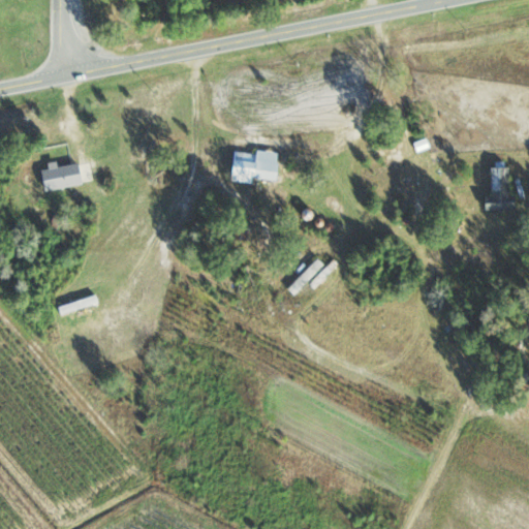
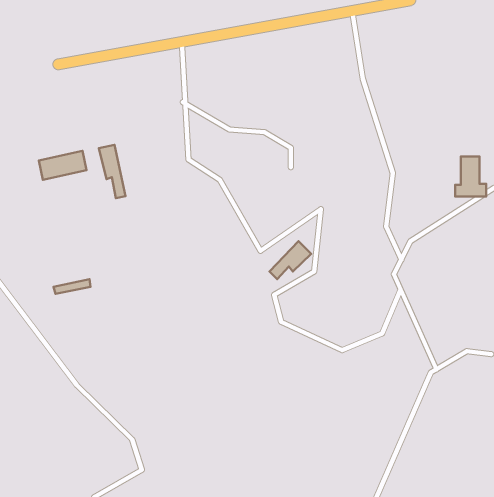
building: [230,149,280,185] -> none
building: none -> [99,145,125,198]

